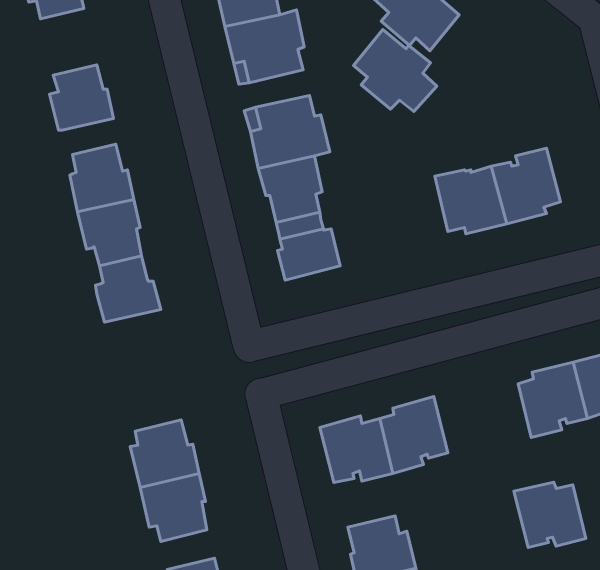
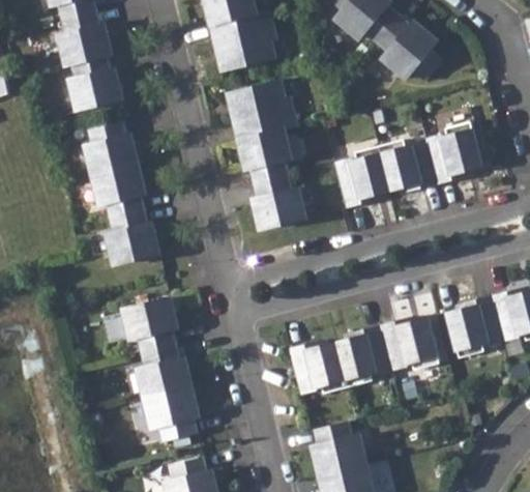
building: none -> [60,10,112,65]
building: [354,30,437,112] -> [377,16,444,82]
building: none -> [336,146,391,207]
building: none -> [121,297,176,352]
building: [514,482,586,547] -> [380,317,438,370]

